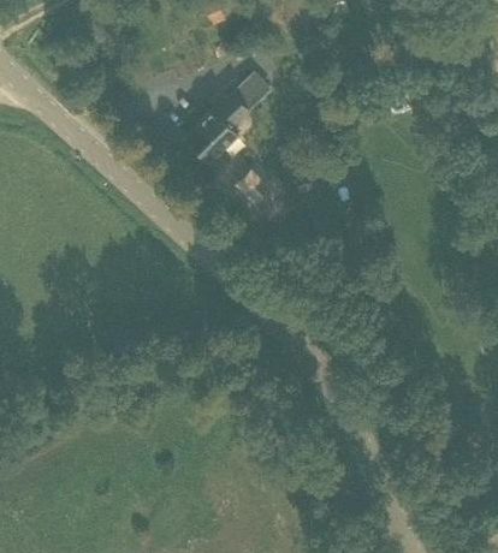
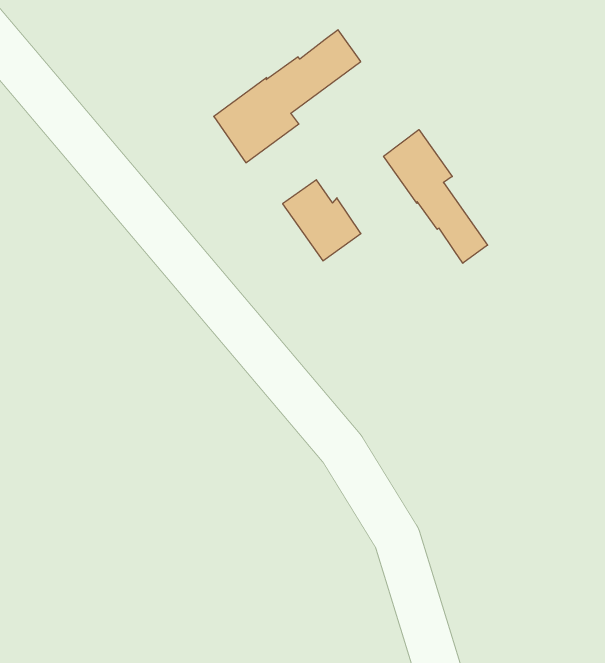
building: none -> [384,130,488,263]

